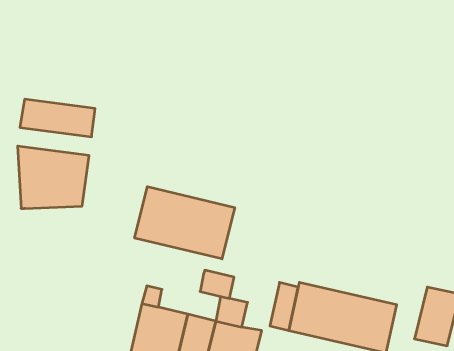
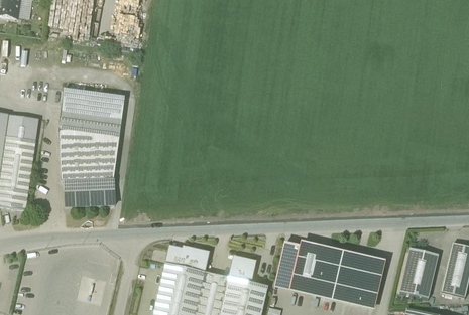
building: none -> [57,111,121,135]
building: [135,187,235,259] -> none
building: none -> [64,178,114,205]
building: [200,270,234,298] -> [179,247,208,271]

